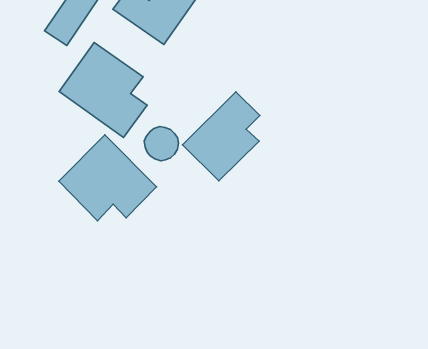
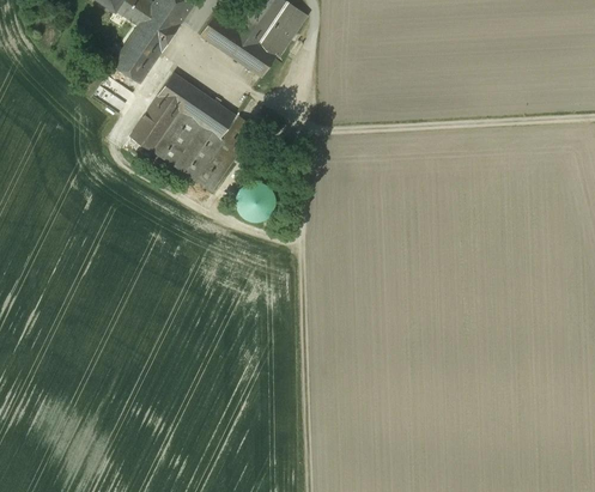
building: [183,92,260,181] -> none
building: [59,135,157,221] -> none

